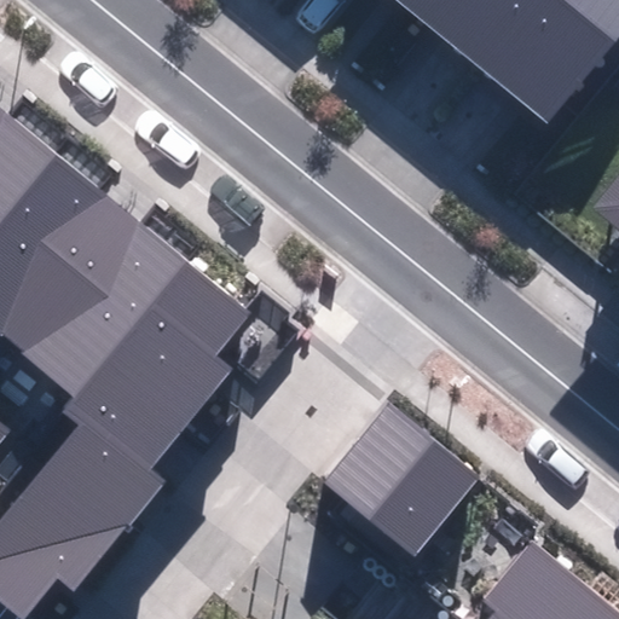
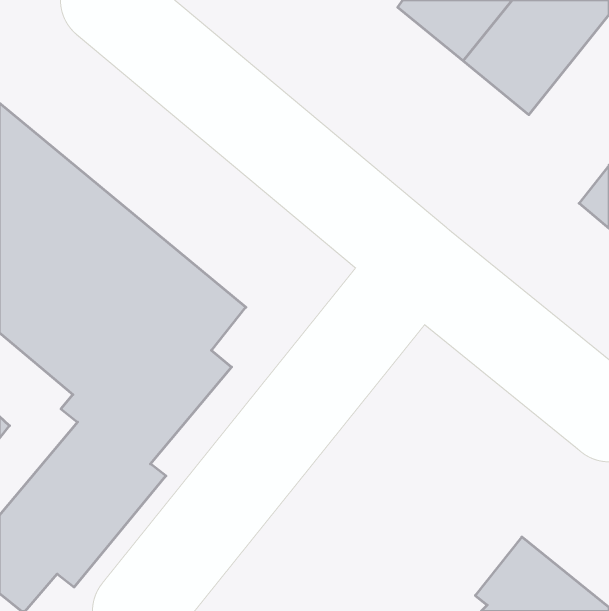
building: [322,401,481,557] -> none

